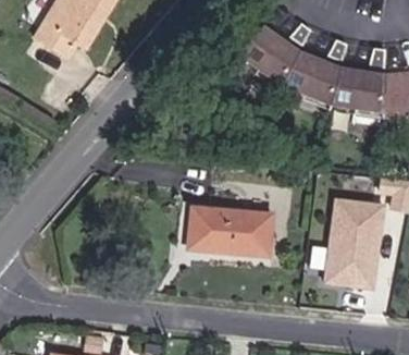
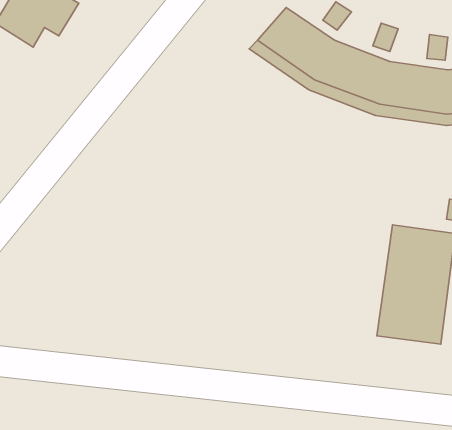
building: [188,209,270,249] -> none

